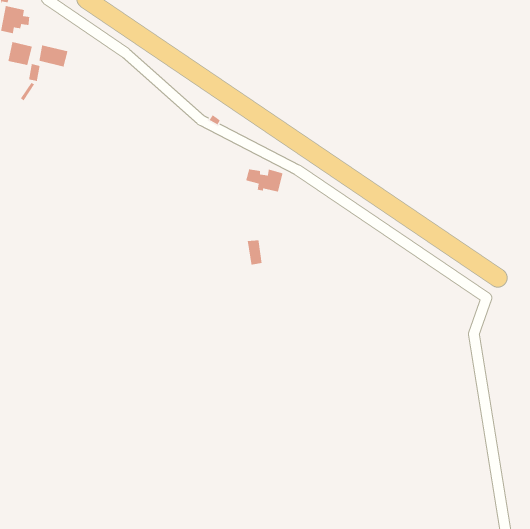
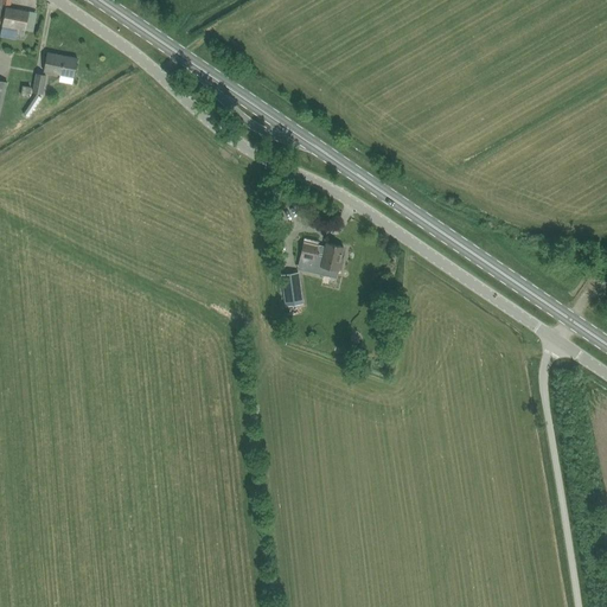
building: [8,41,33,66] -> none
building: [245,169,284,192] -> [300,242,344,269]

